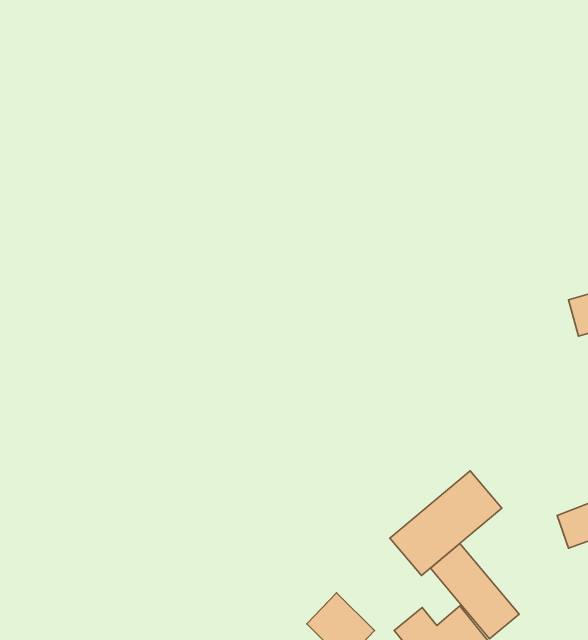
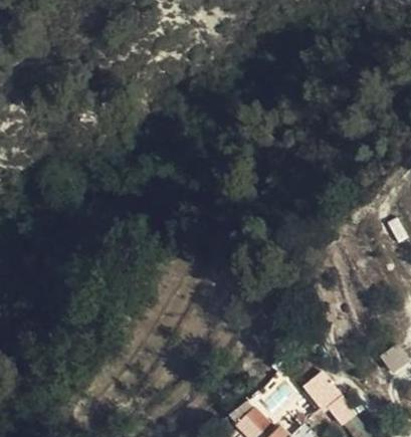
building: [390,471,502,576] -> none

